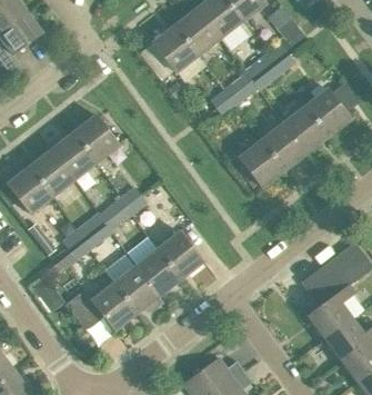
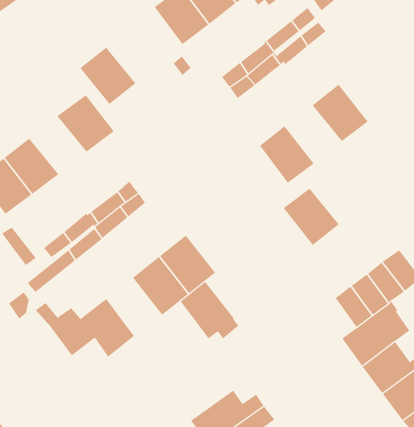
building: [304,88,350,136] -> none
building: [260,122,306,170] -> [283,188,340,246]
building: [50,131,97,179] -> [79,47,136,105]
building: [113,265,162,313] -> [180,281,239,339]

